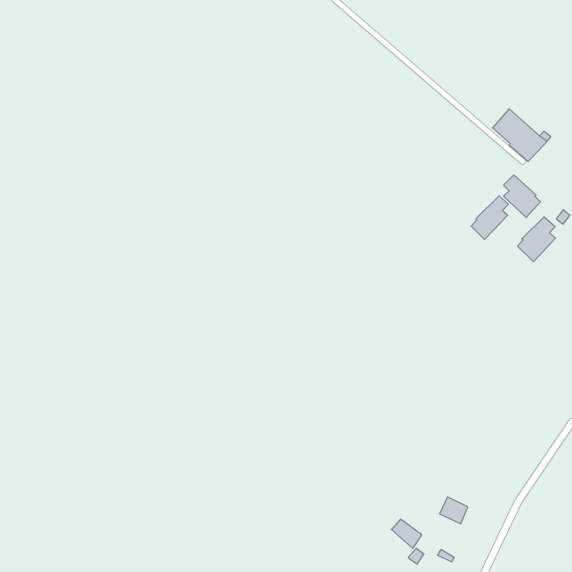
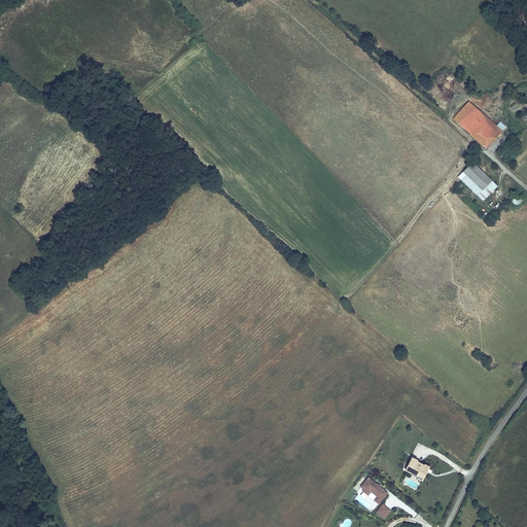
building: [471,196,508,239] -> none
building: [517,217,556,262] -> none

